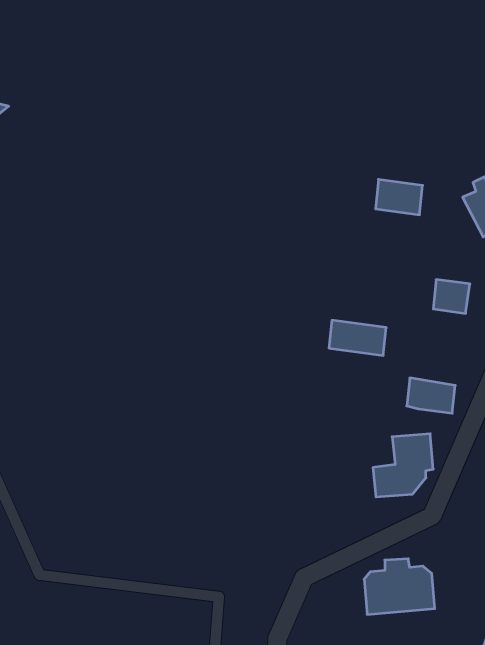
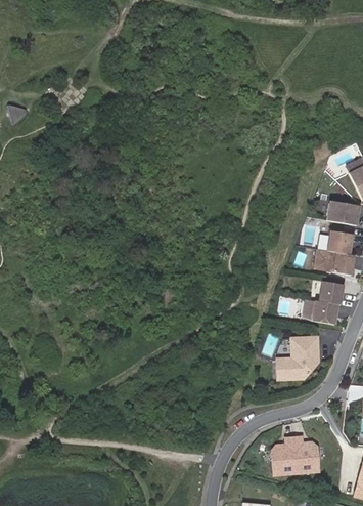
building: [376,179,423,215] -> [322,203,355,227]
building: [329,320,386,355] -> [311,252,351,277]
building: none -> [319,283,345,306]

